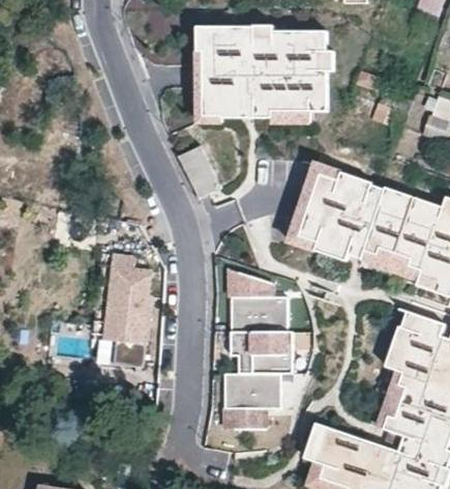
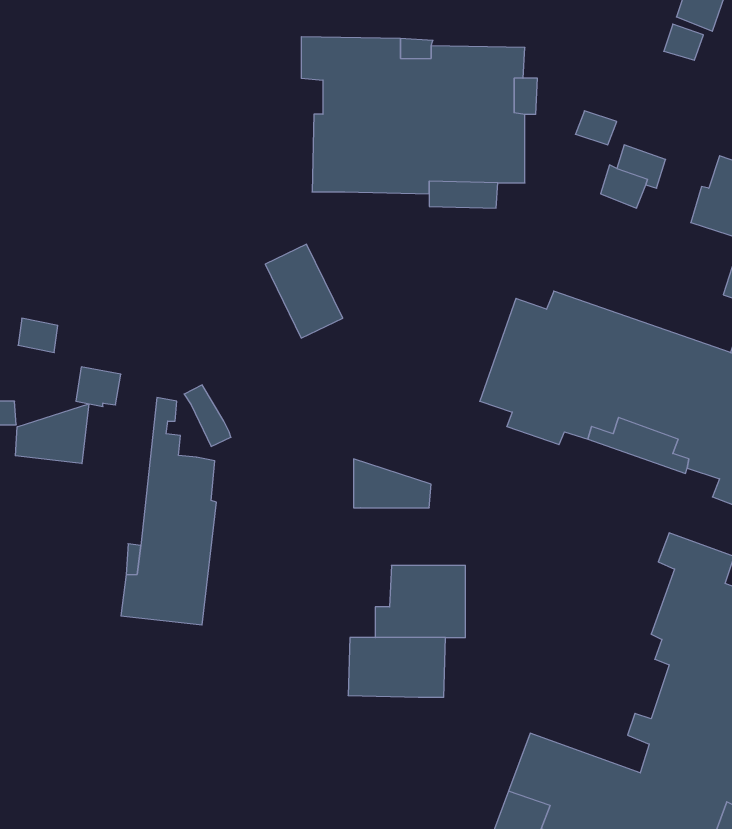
building: [196,49,222,122] -> none
building: [287,161,342,251] -> none
building: none -> [15,404,89,464]
building: [231,295,287,328] -> none
building: [224,403,265,427] -> none

